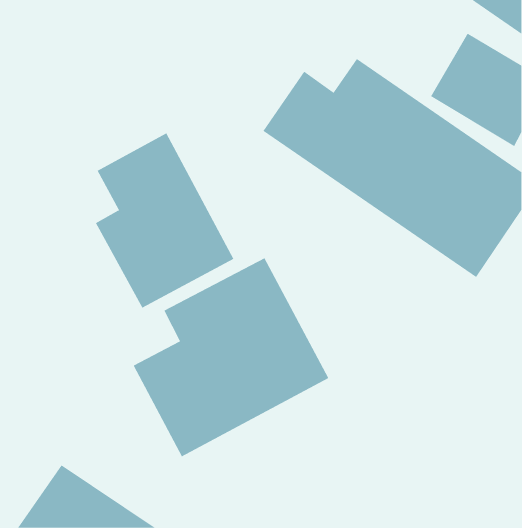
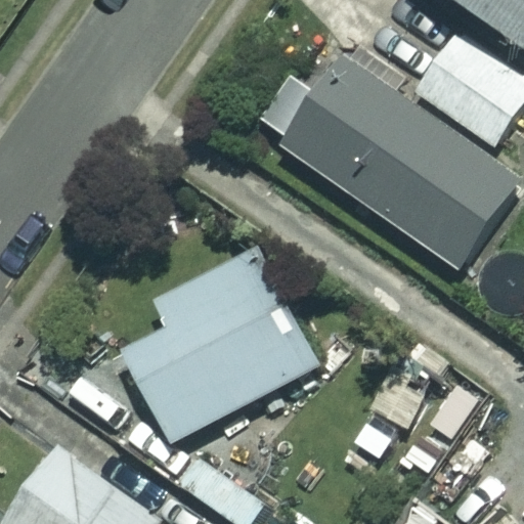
building: [95,133,234,309] -> none

